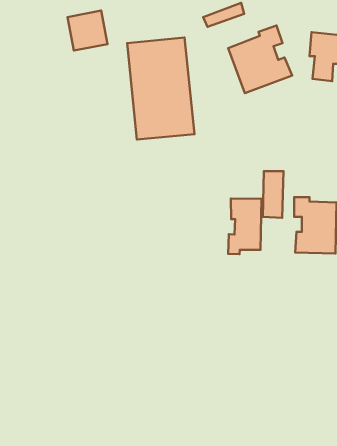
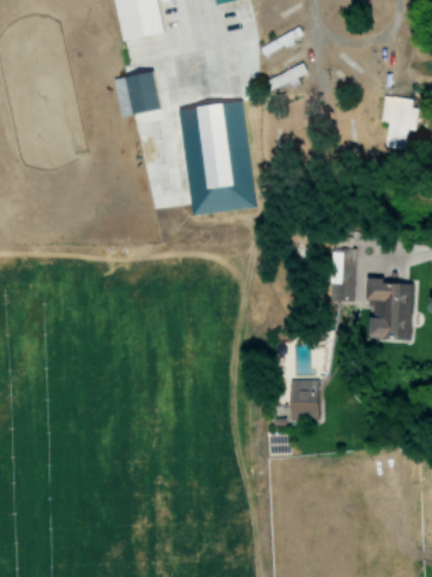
building: [228,26,292,93] -> none
building: [228,198,262,254] -> none
building: none -> [290,377,320,421]

